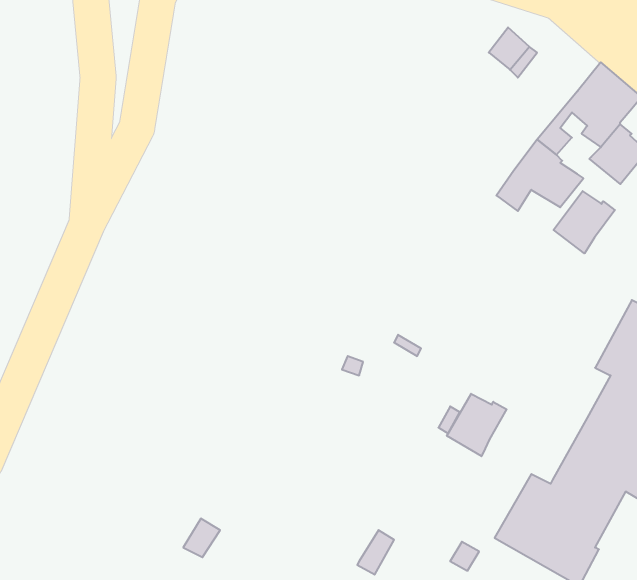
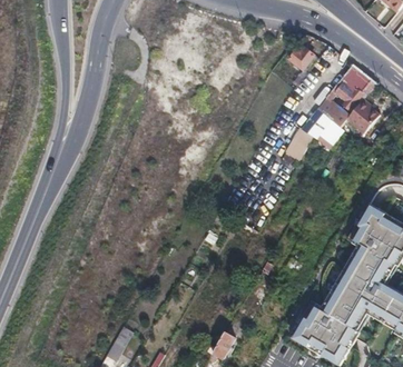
building: [554,191,615,253] -> none
building: [447,394,507,456] -> none

